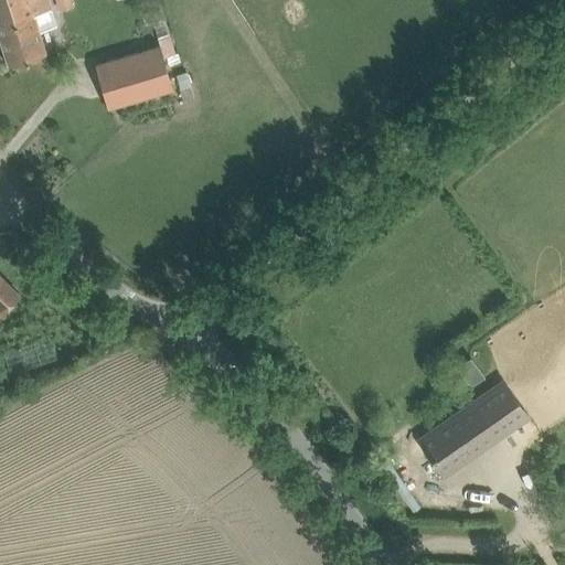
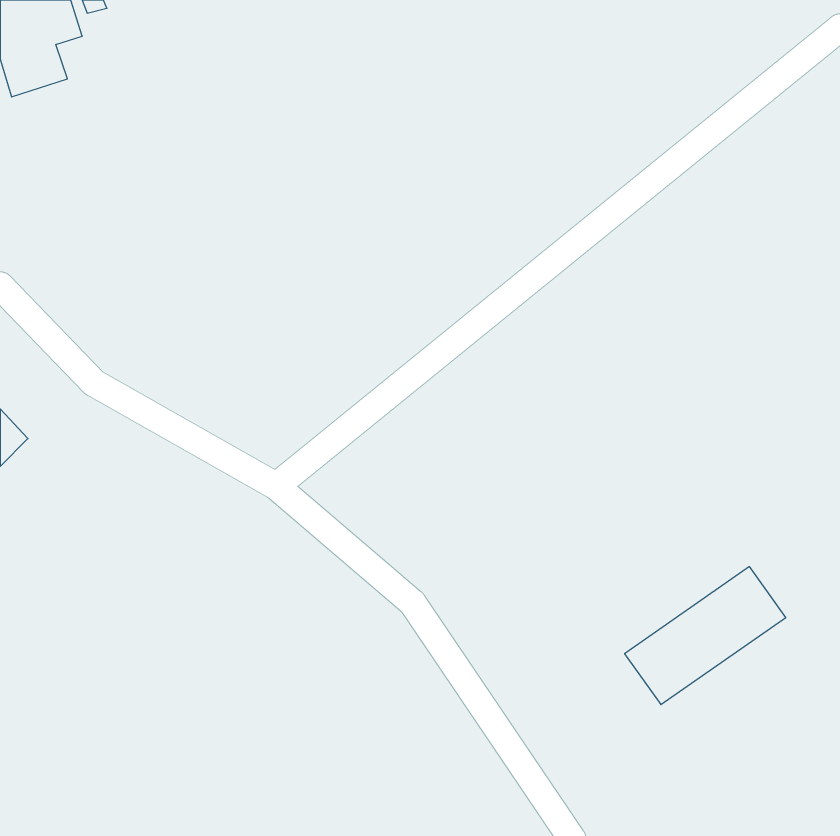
building: [95,35,175,109] -> none

